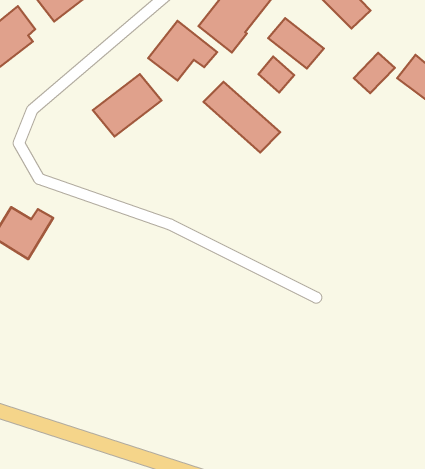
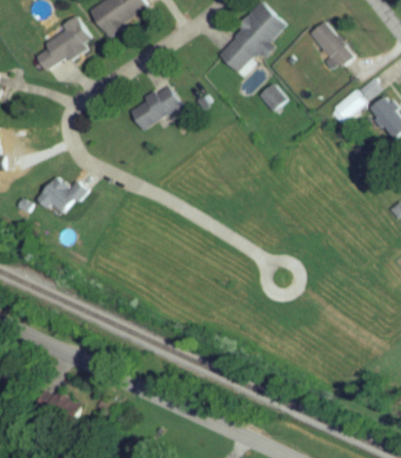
building: [268,18,324,69] -> none
building: [148,21,217,81] -> none
building: [203,82,280,152] -> none

